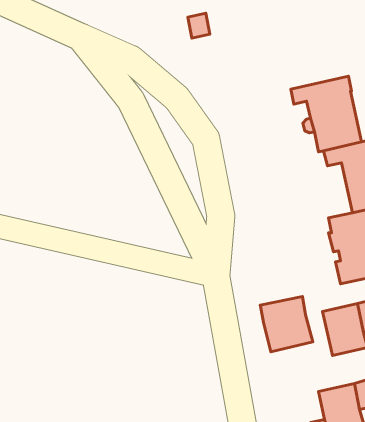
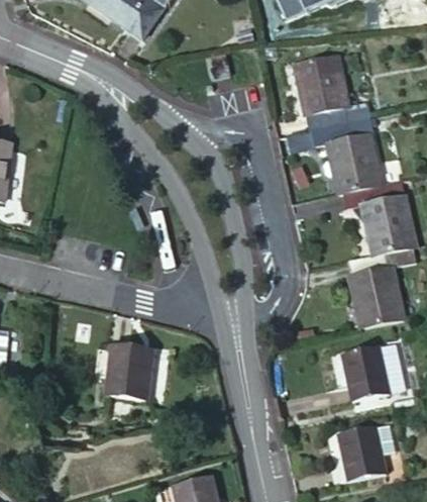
building: none -> [295,56,369,130]
building: [260,296,313,352] -> none
building: none -> [105,345,153,398]

